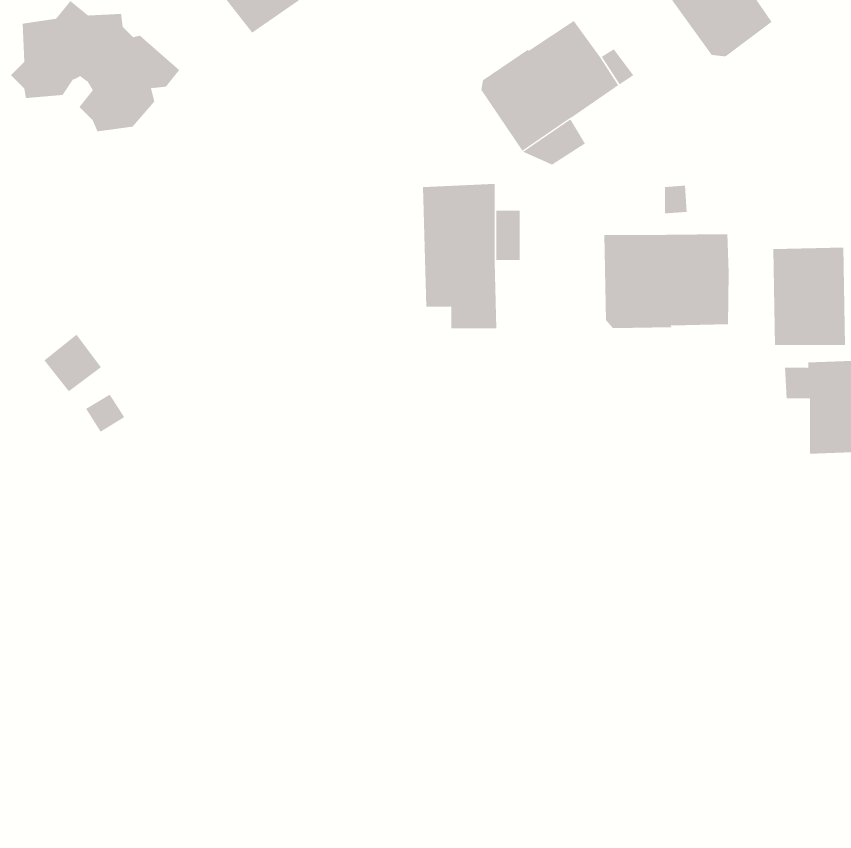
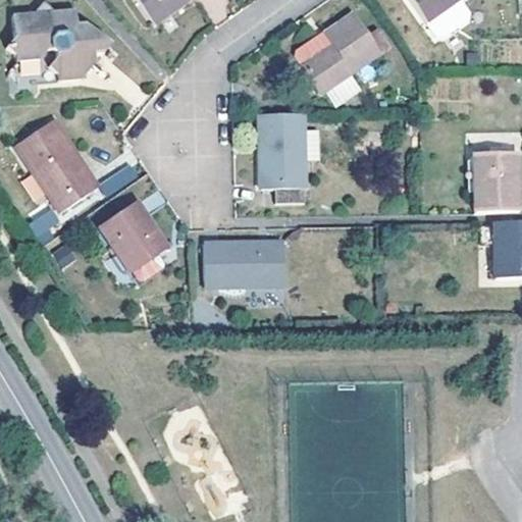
building: none -> [16,119,99,212]
building: [604,234,729,329] -> none
building: none -> [100,201,166,282]
building: none -> [204,241,284,286]

